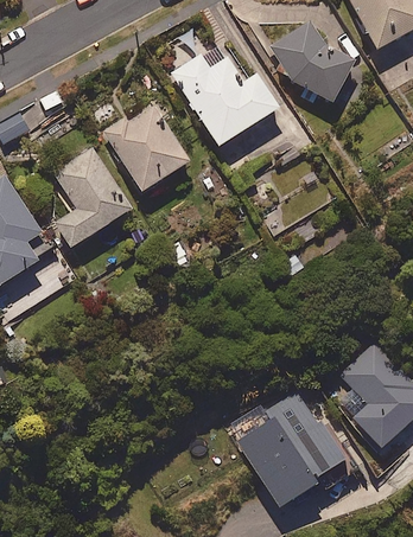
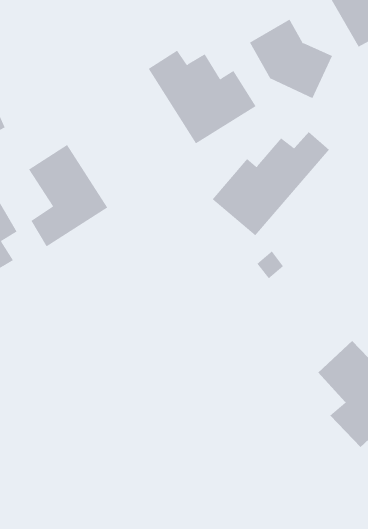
building: [99,104,189,192] -> none
building: none -> [212,131,330,236]
building: [244,391,356,512] -> none

